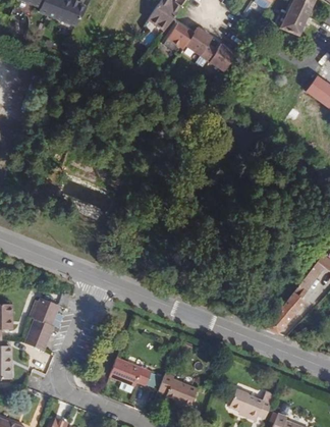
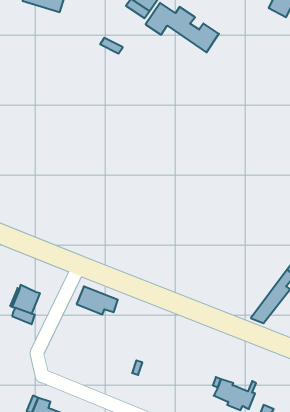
building: [23,328,50,353] -> none
building: [110,360,151,387] -> [77,286,118,314]
building: [160,375,199,411] -> none

